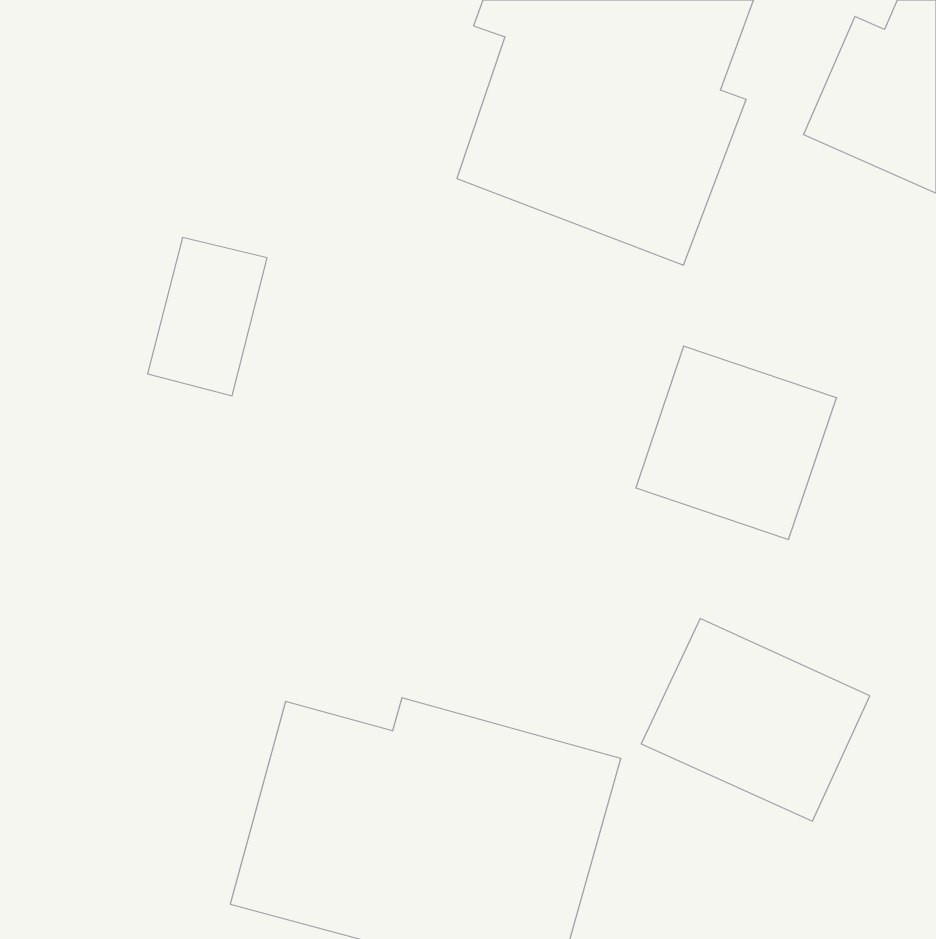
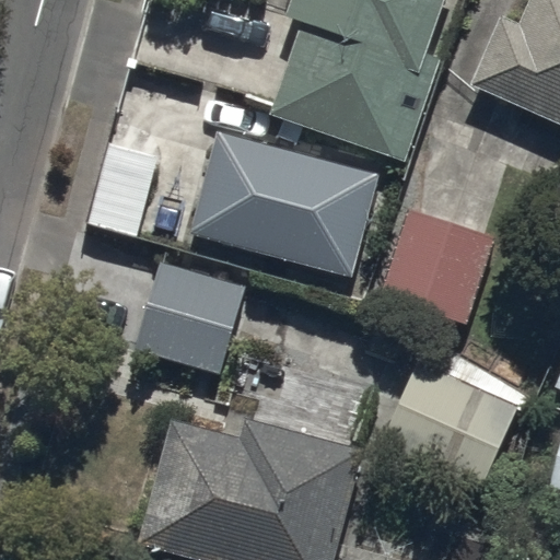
building: none -> [189,129,382,280]
building: none -> [133,260,244,373]

